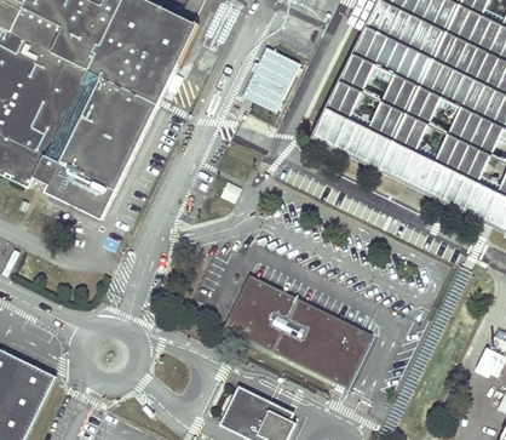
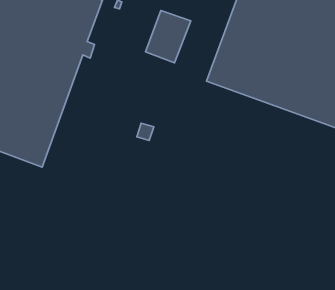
building: [231,269,367,379] -> none

